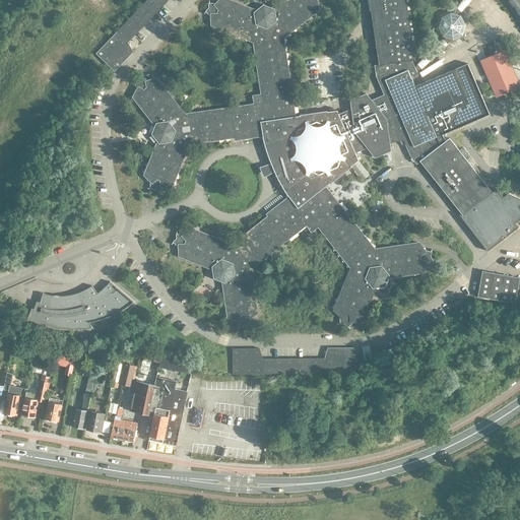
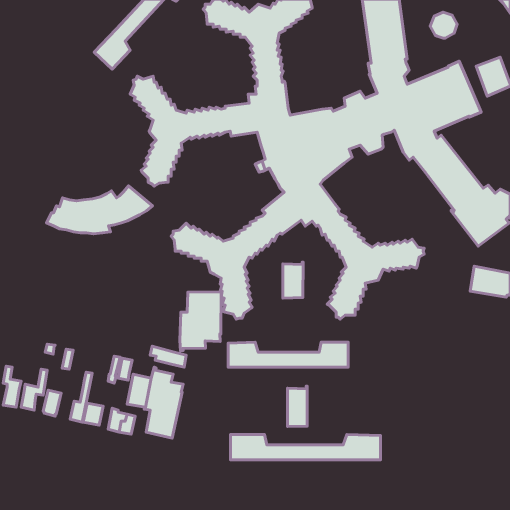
building: none -> [283,262,303,298]
building: [25,280,133,329] -> [46,186,152,234]
building: none -> [180,292,221,351]
building: none -> [287,386,307,427]
building: none -> [231,435,381,460]

